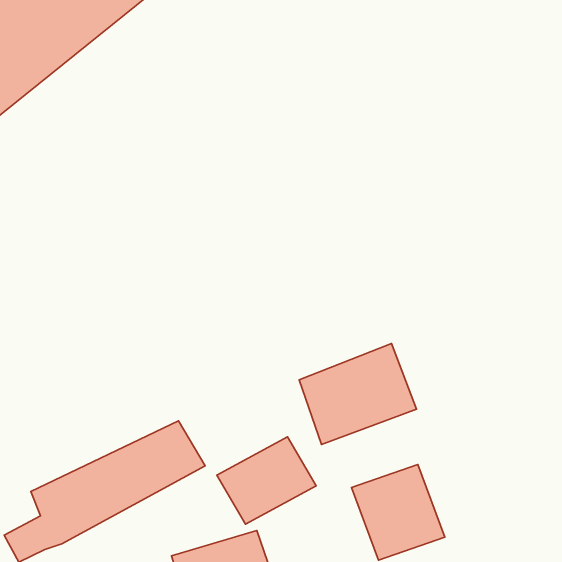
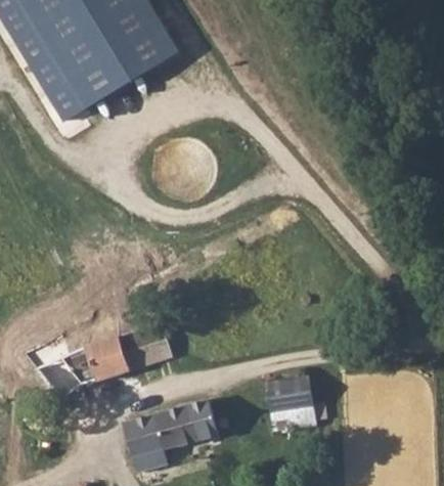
building: [299,344,416,445] -> none
building: [217,437,316,524] -> none

